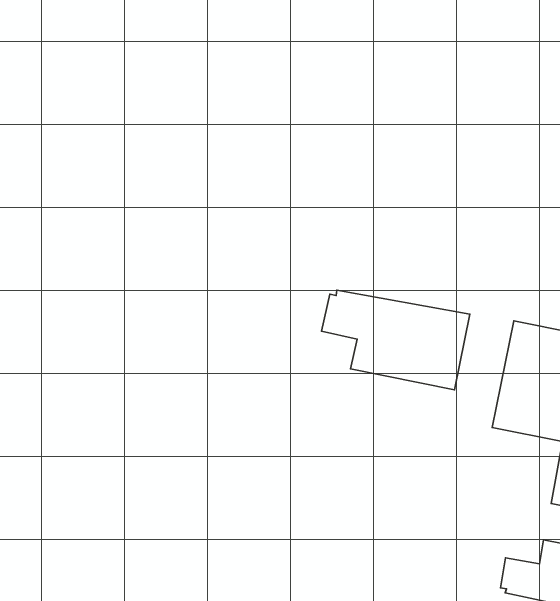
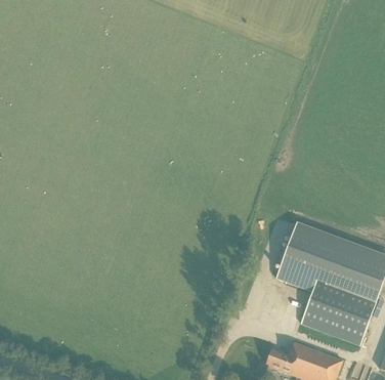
building: [321,290,470,390] -> none

